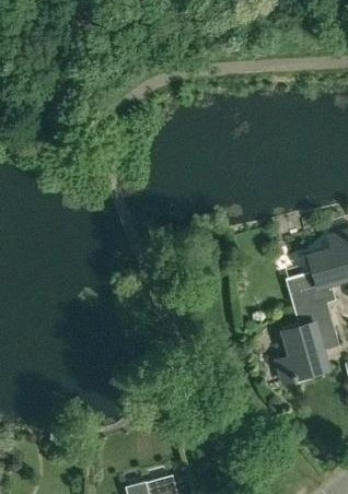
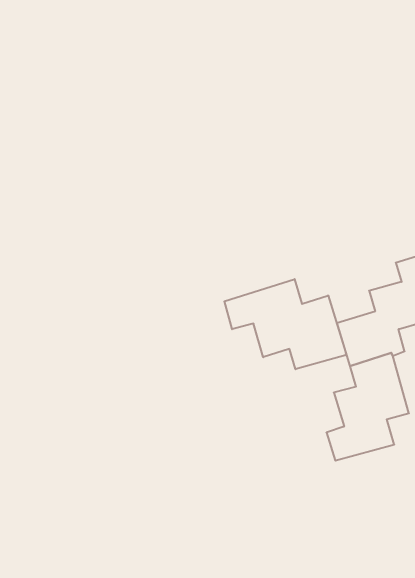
building: none -> [224,279,346,369]

